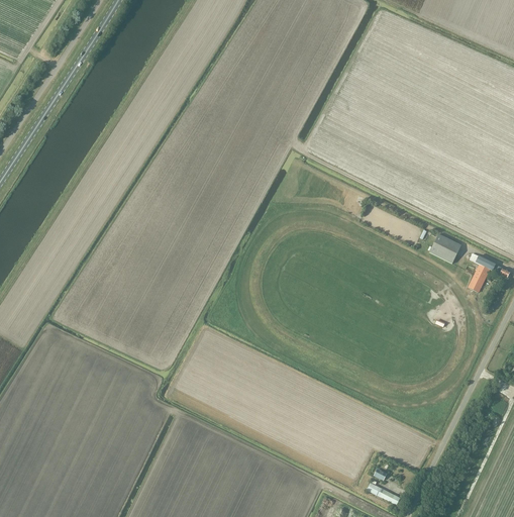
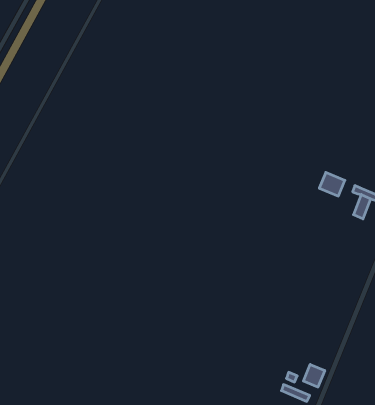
building: none -> [303,364,325,387]

